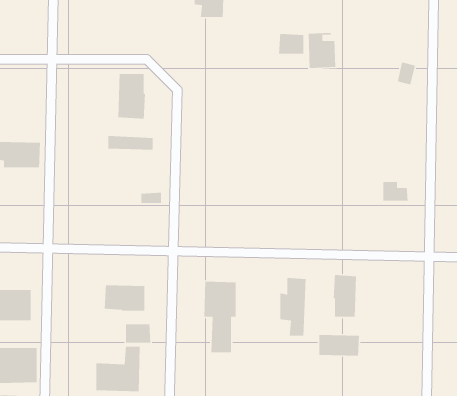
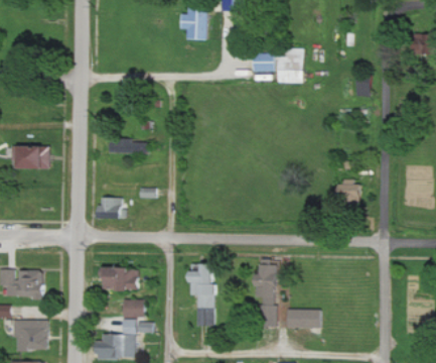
building: [118,73,146,119] -> none
building: none -> [95,198,121,219]
building: [333,274,357,318] -> none

